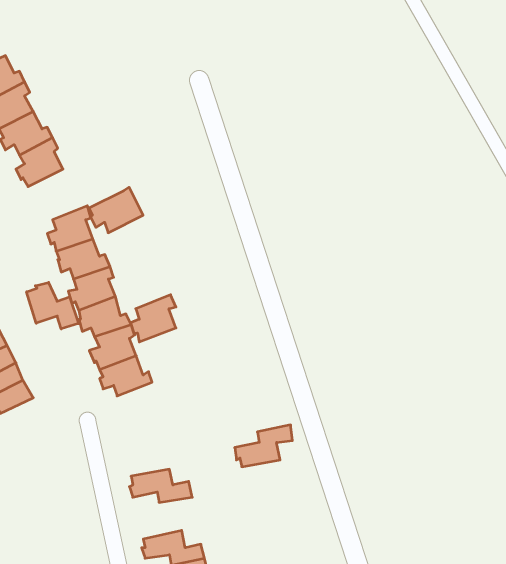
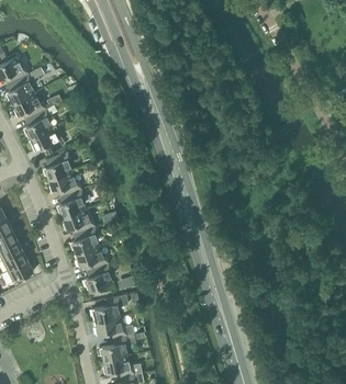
building: [89,187,143,233] -> [31,127,65,156]
building: [27,282,78,329] -> none
building: [131,295,176,342] -> [83,263,112,293]
building: [235,425,292,467] -> [91,296,127,323]
building: none -> [99,336,135,362]

